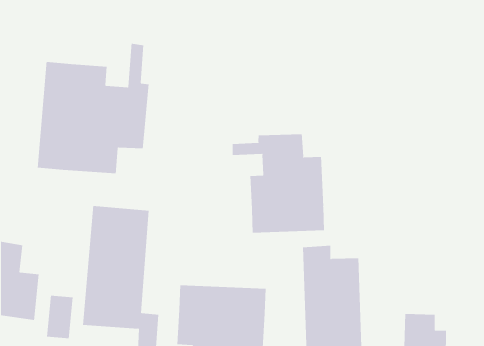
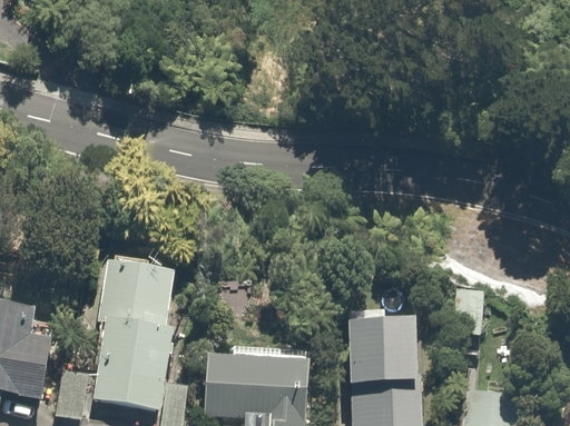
building: [37,43,149,174] -> none
building: [232,134,324,234] -> none

